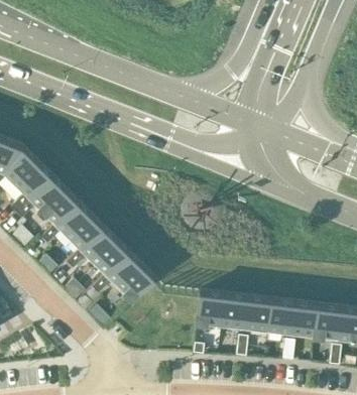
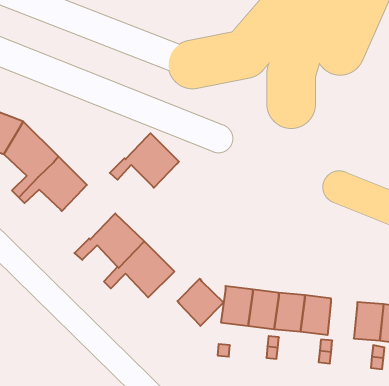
building: [41,201,103,249] -> [110,133,179,188]
building: none -> [177,279,224,326]
building: [291,301,318,337] -> none

